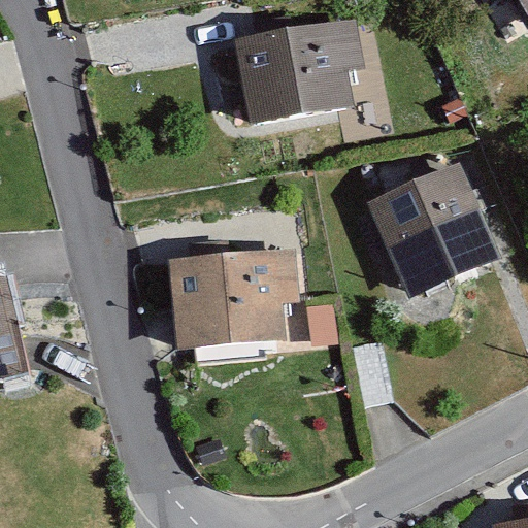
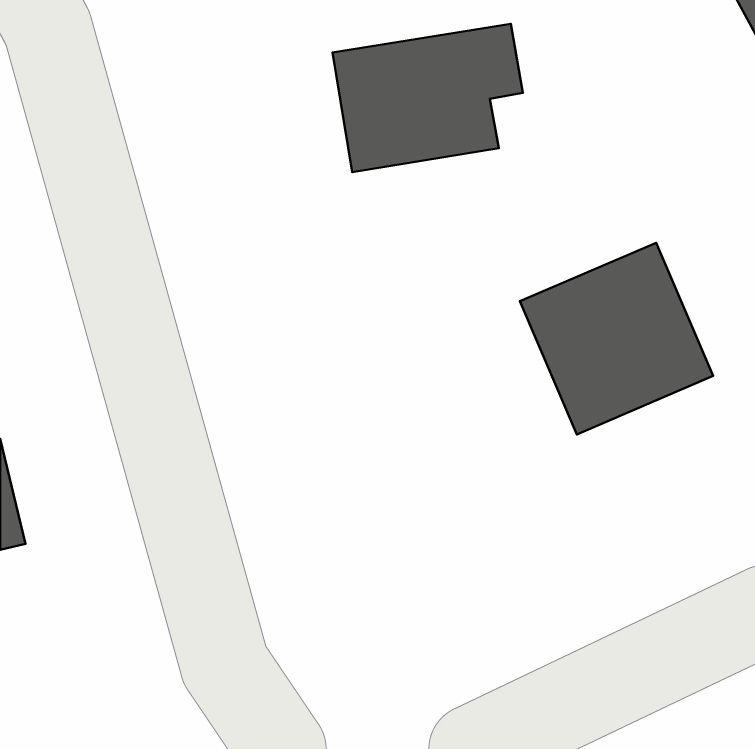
building: [165,246,301,348] -> none

